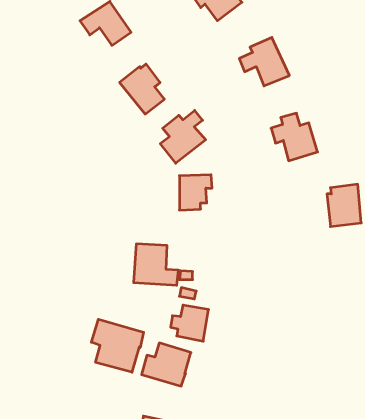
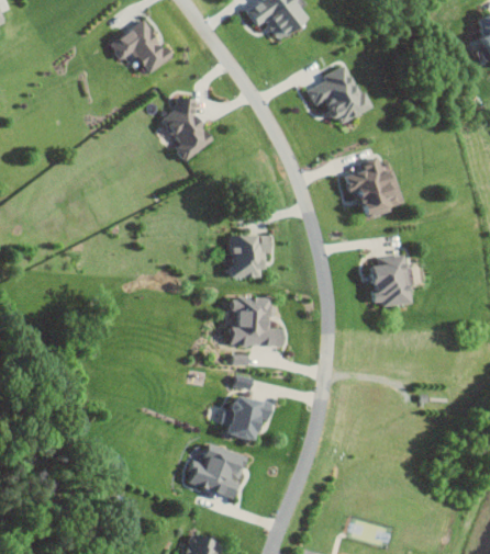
building: [160,110,206,163] -> none
building: [327,184,361,227] -> [367,255,410,307]
building: [134,244,179,285] -> [226,296,282,348]
building: [91,319,144,372] -> none

